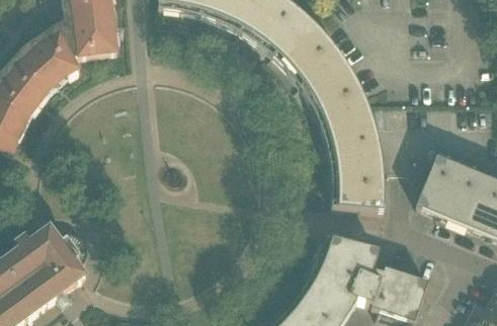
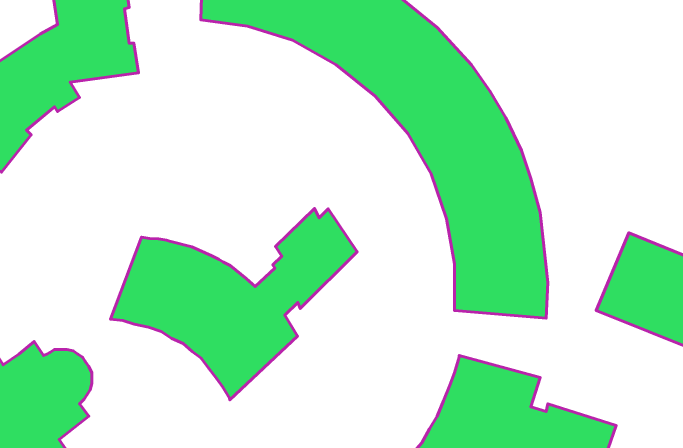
building: none -> [110,208,357,400]

